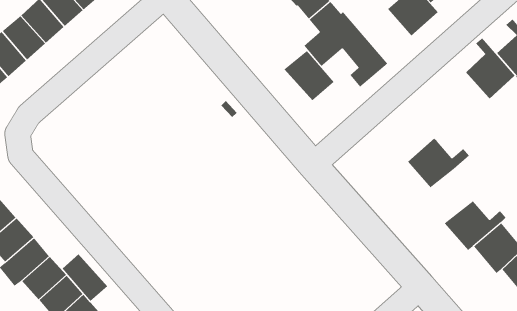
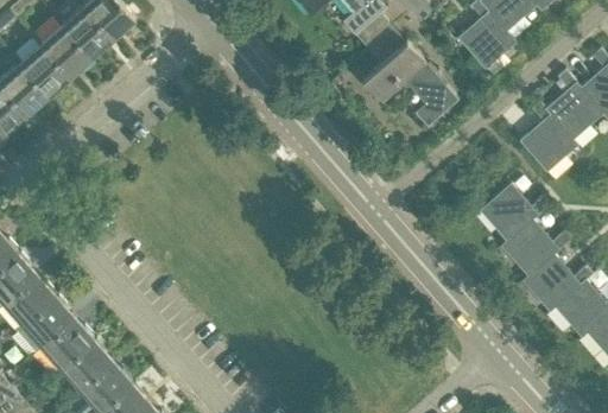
building: [284,50,334,101] -> none
building: none -> [519,102,578,173]
building: none -> [500,220,571,277]
building: [62,253,108,302] -> none

